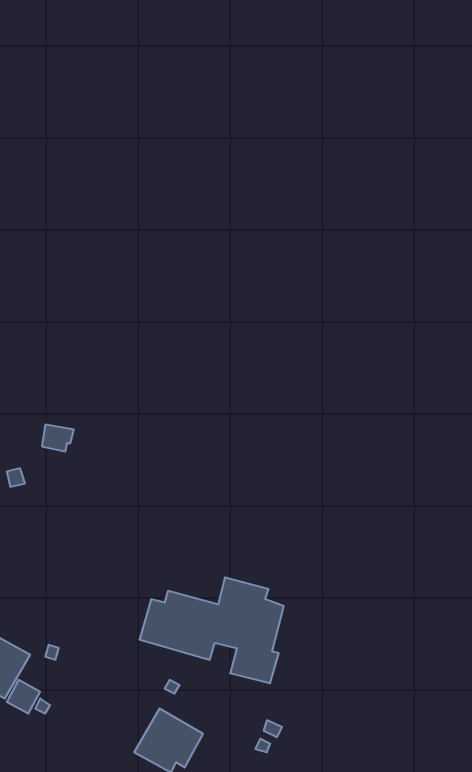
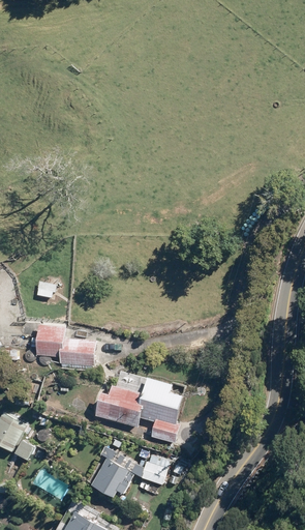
building: none -> [35,325,95,367]
building: none -> [140,461,167,484]

